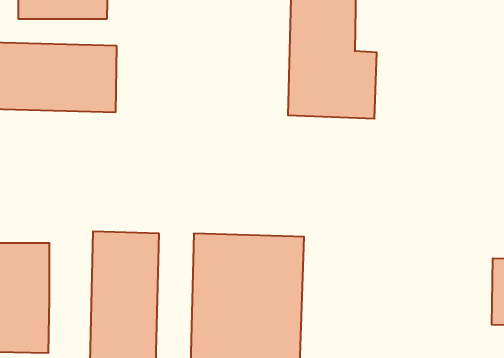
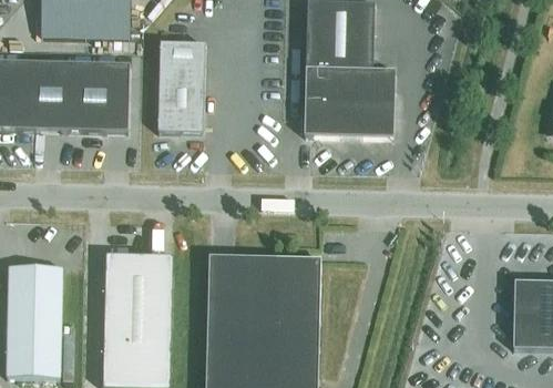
building: none -> [158,41,205,132]

